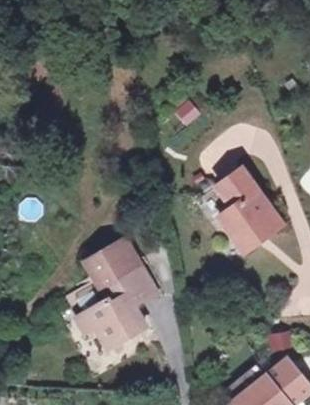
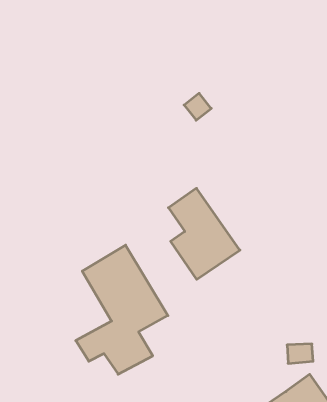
building: [216,167,282,251] -> [168,188,240,279]

